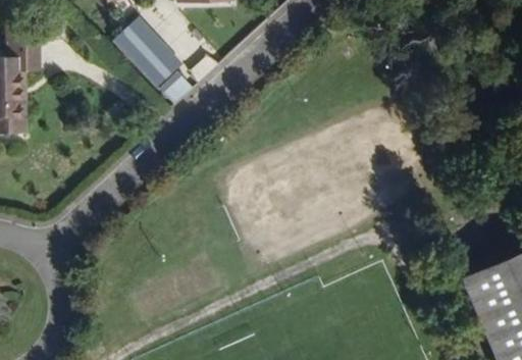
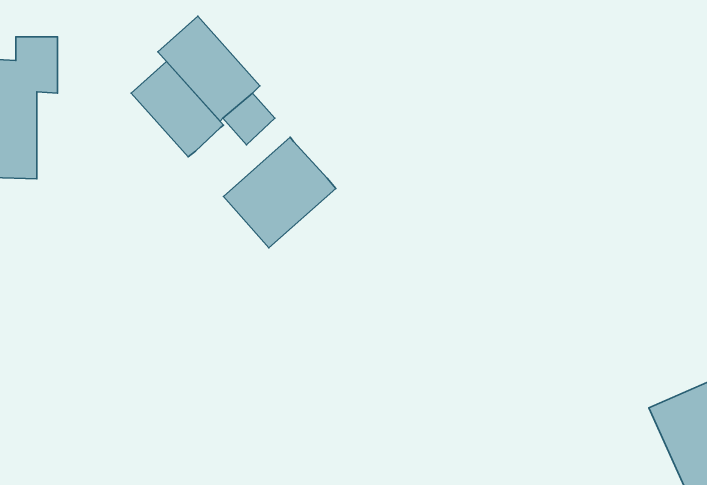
building: none -> [131,62,224,157]
building: none -> [223,137,336,248]

